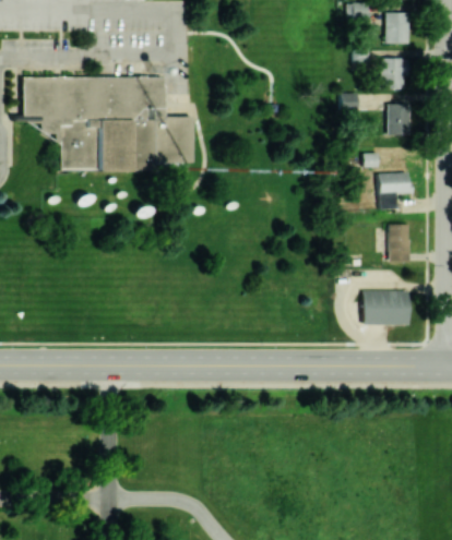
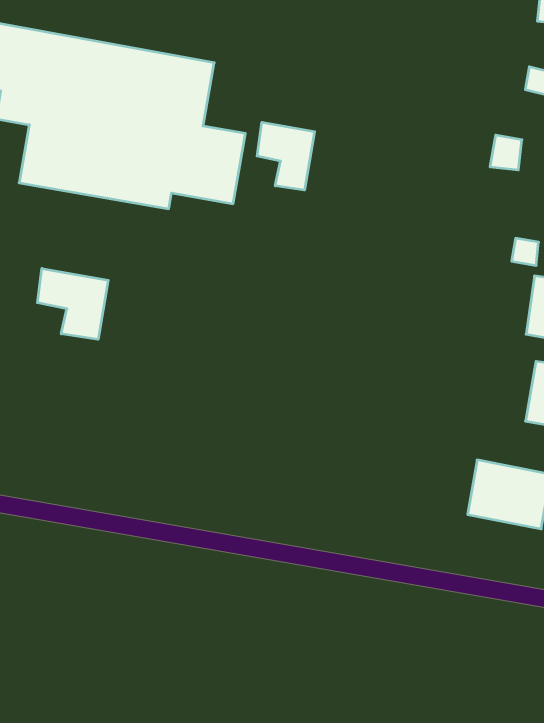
building: none -> [257,122,315,190]
building: none -> [37,268,108,339]

